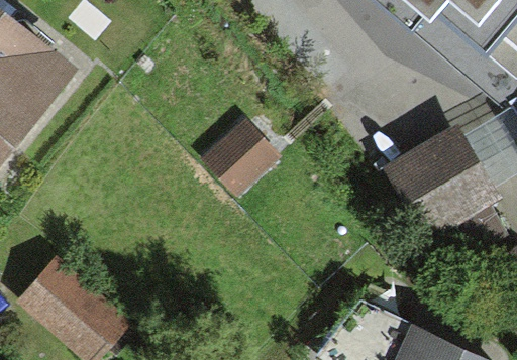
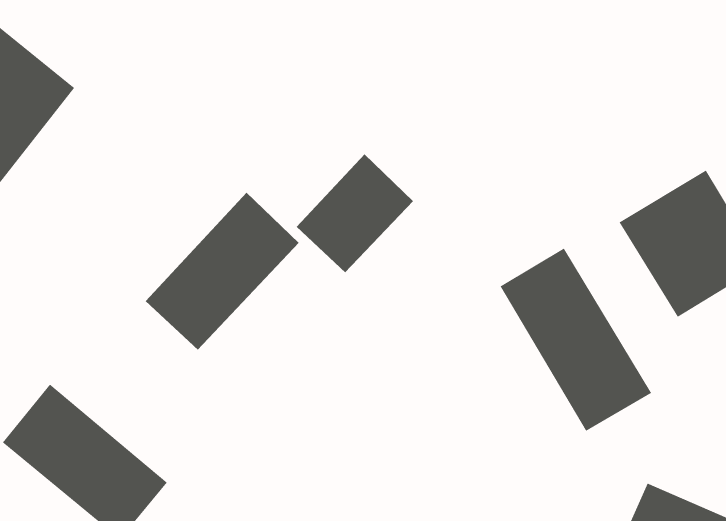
building: none -> [145,192,299,350]
building: none -> [500,248,652,432]

